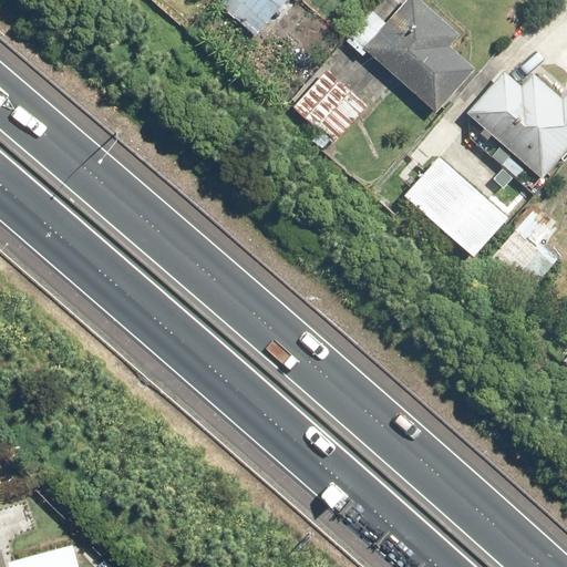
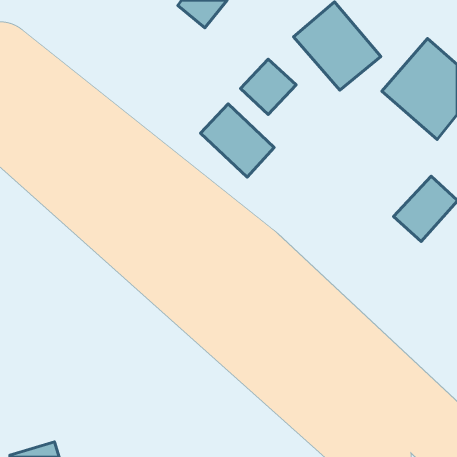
building: none -> [200,104,274,177]
building: [404,156,505,252] -> none

